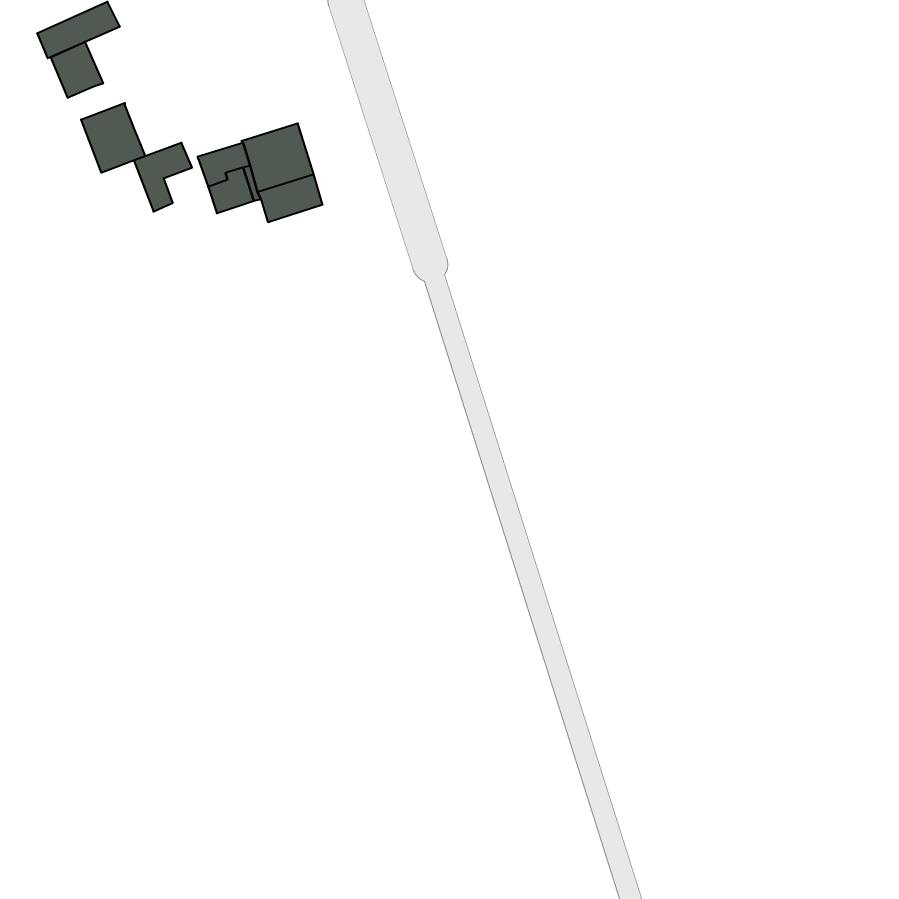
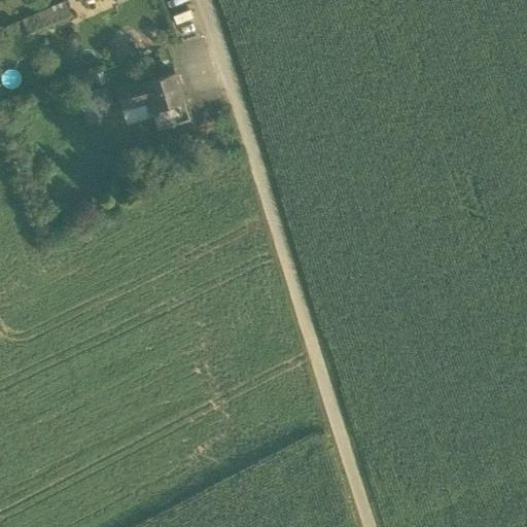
building: [51,42,103,98] -> none
building: [81,103,145,173] -> none

